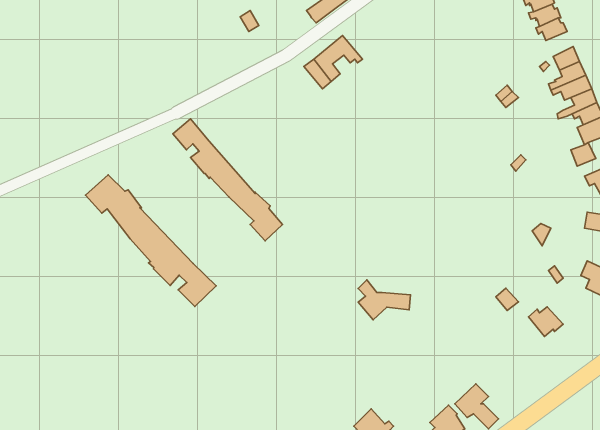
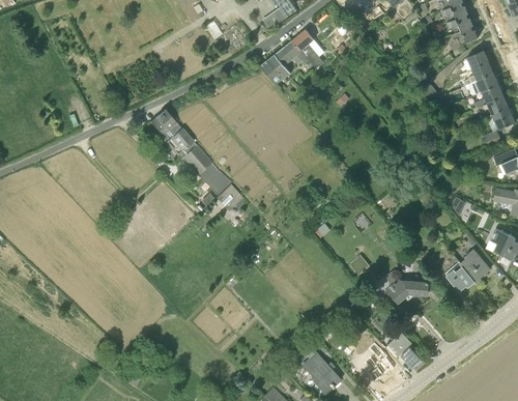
building: none -> [292,29,323,69]
building: [85,175,216,307] -> none
building: [358,280,410,320] -> [385,269,429,303]
building: none -> [460,249,490,284]

